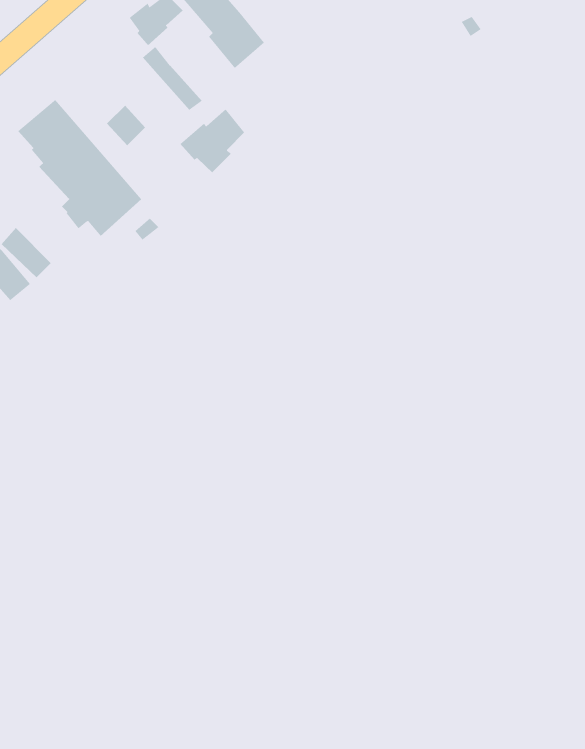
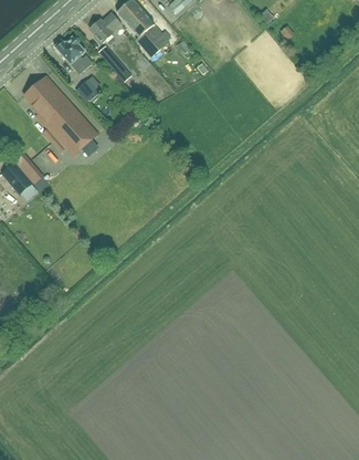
building: none -> [54,35,92,72]
building: [180,108,245,173] -> none

